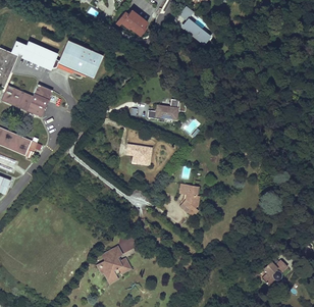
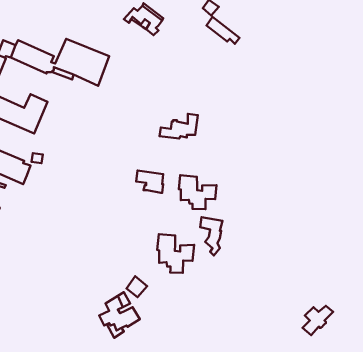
building: none -> [179,175,216,209]
building: none -> [157,234,194,273]

